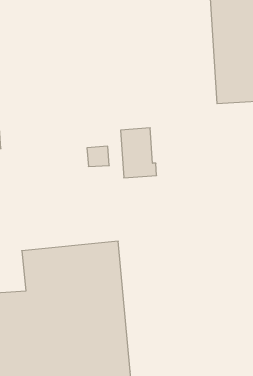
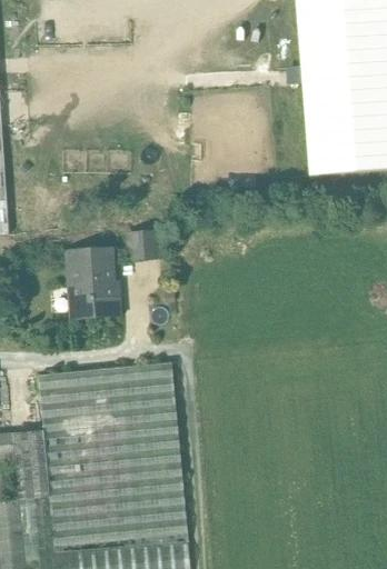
building: [121,128,157,178] -> [67,250,117,319]

